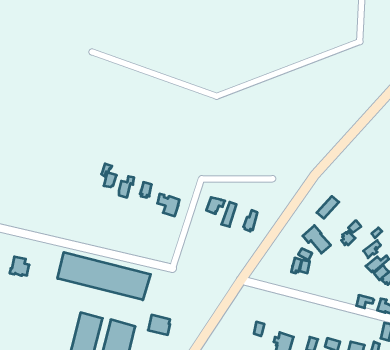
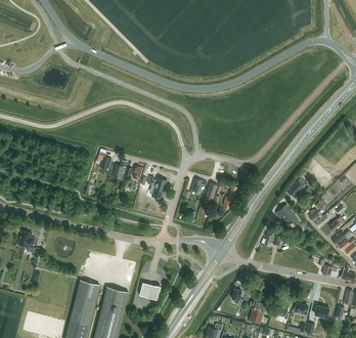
building: [58,252,151,300] -> none

